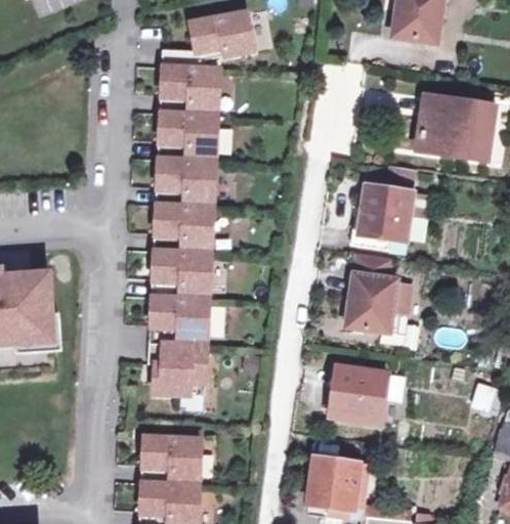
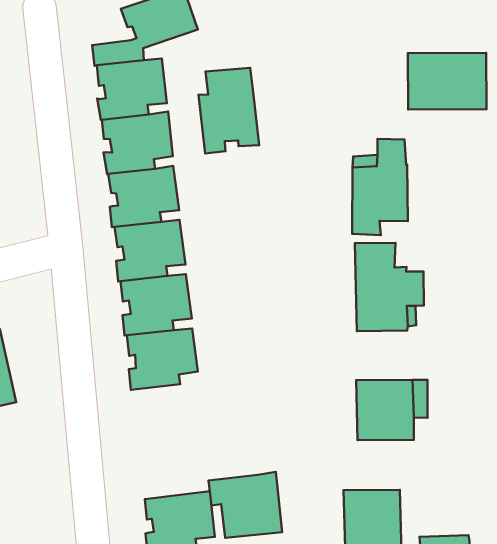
building: none -> [199,68,259,154]
building: [147,343,206,396] -> [209,472,282,538]

